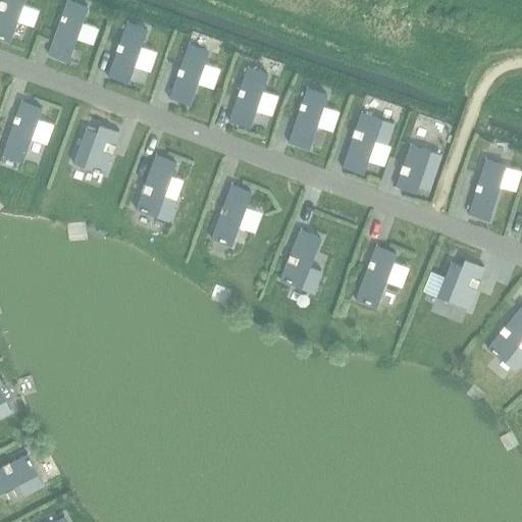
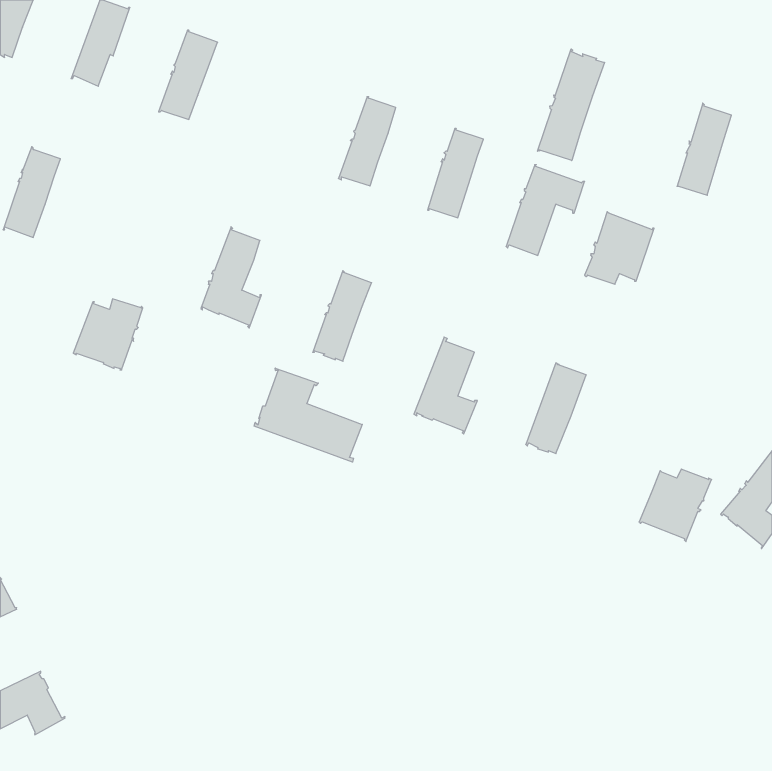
building: none -> [538,49,605,161]
building: [168,43,208,104] -> none
building: [72,126,119,174] -> [73,299,143,370]
building: [468,158,505,220] -> [677,103,731,195]
building: none -> [254,368,362,462]
building: [436,261,485,310] -> [639,469,712,542]

